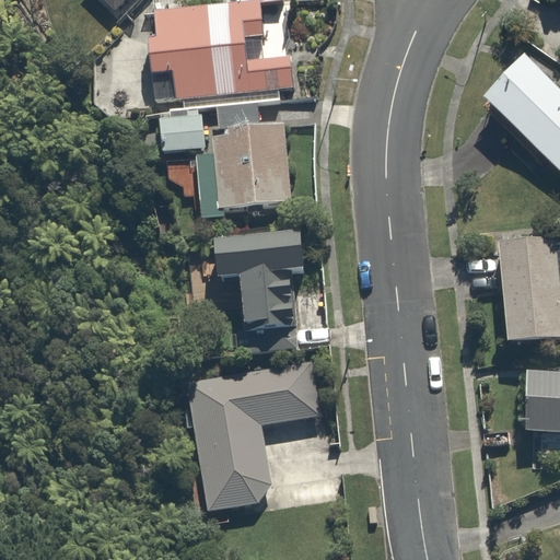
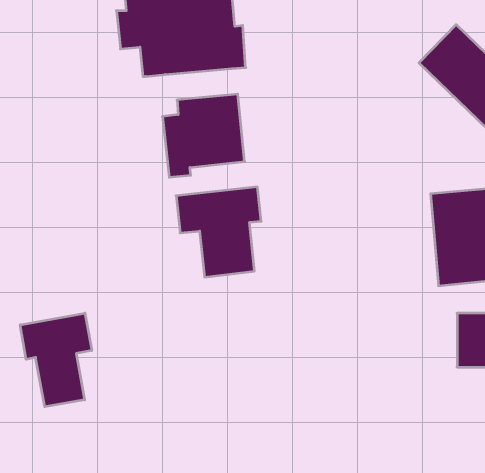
building: [159,105,205,151] -> none
building: [184,357,319,512] -> none
building: none -> [20,313,92,407]

